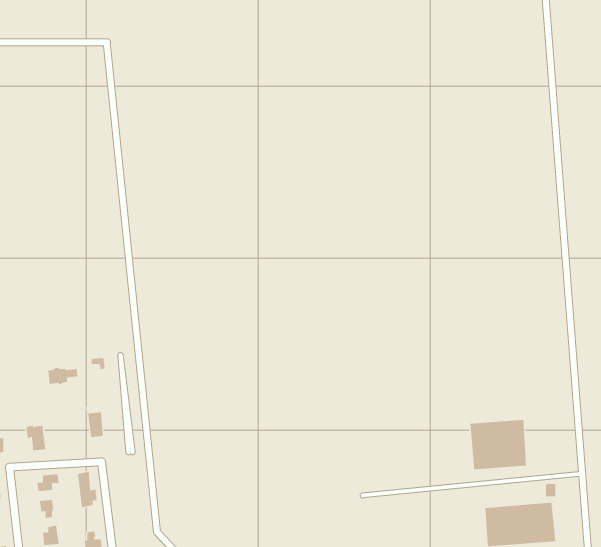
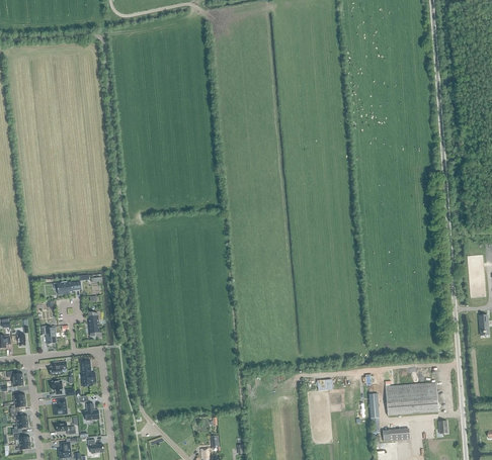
building: [470,419,527,470] -> none

